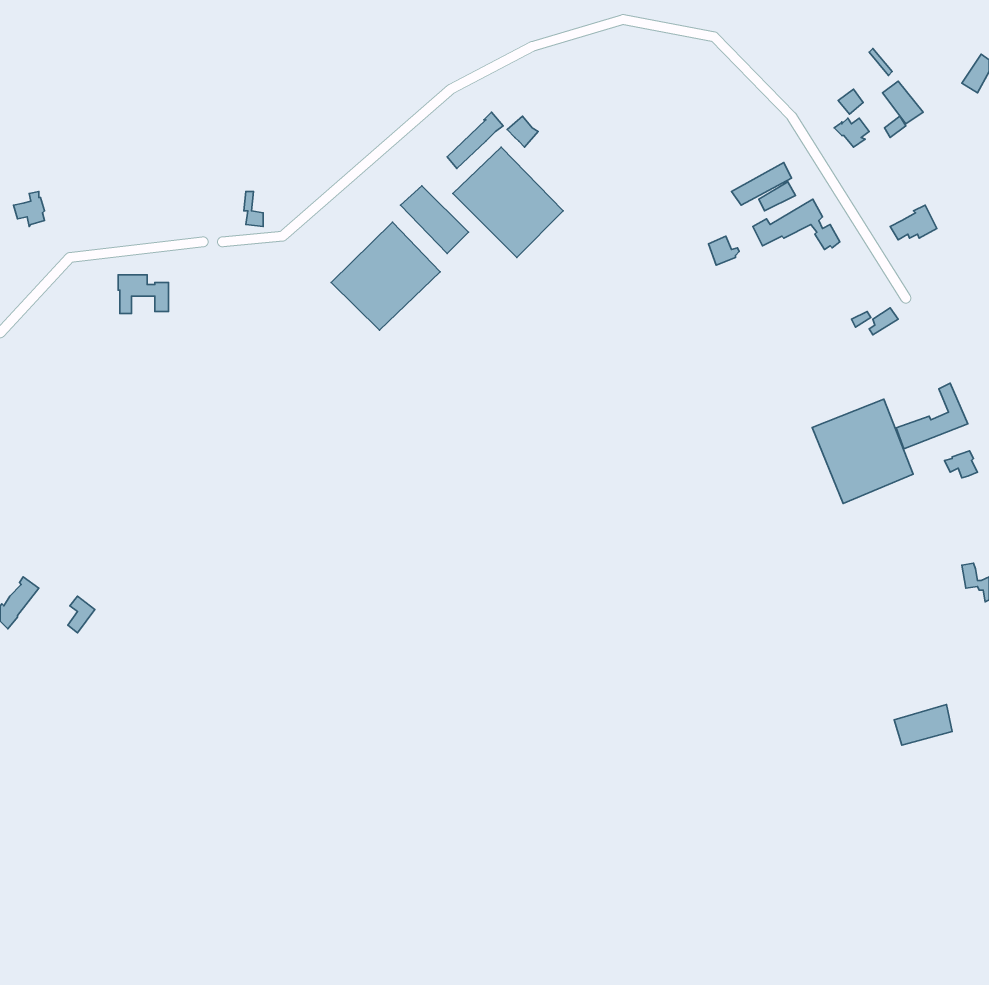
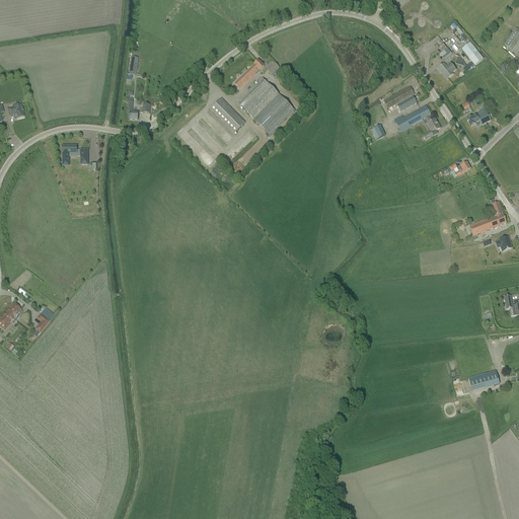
building: [331,222,440,330] -> none
building: [812,399,913,503] -> none

